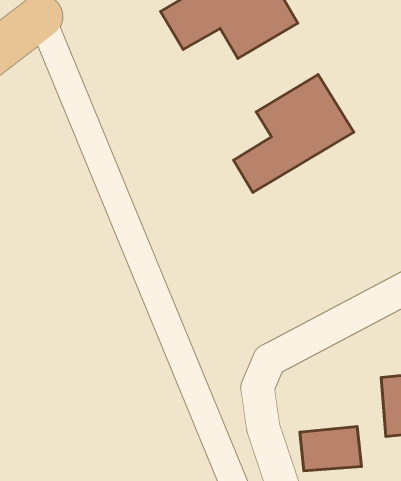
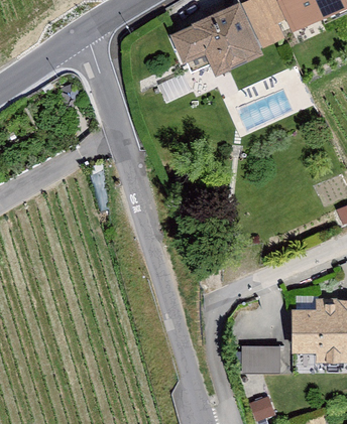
building: [234,74,354,192] -> none

